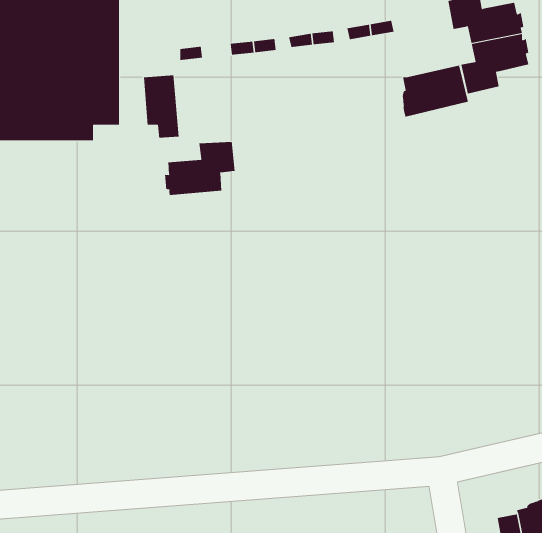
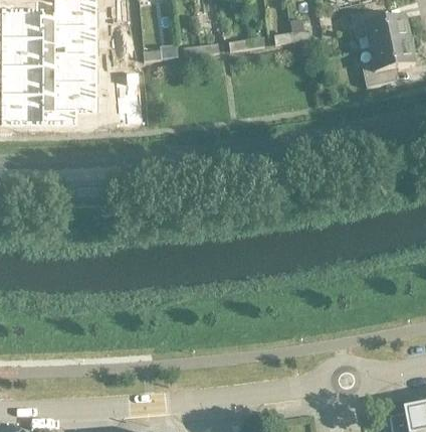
building: [402,64,469,117] -> none
building: [164,141,235,196] -> none

